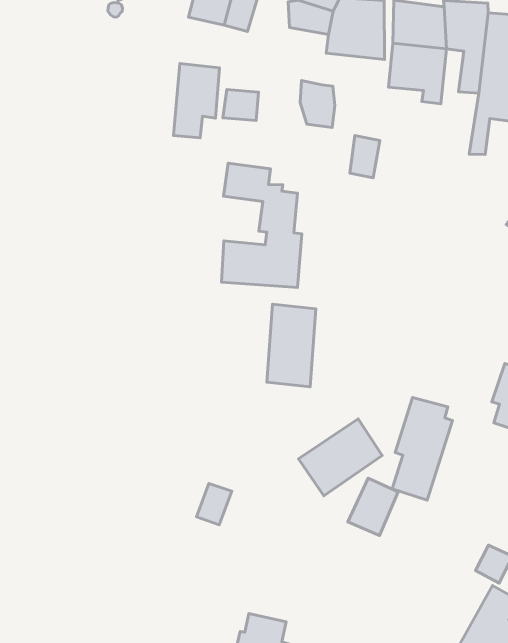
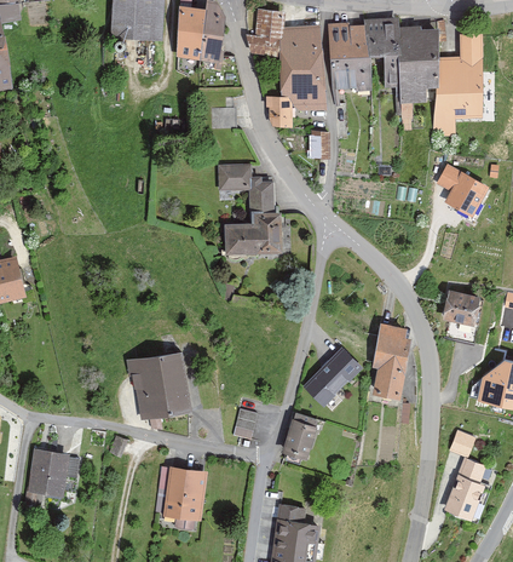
building: none -> [281,70,327,111]
building: [174,63,220,138] -> none
building: [267,304,316,387] -> none
building: none -> [125,351,191,419]
building: [348,478,398,536] -> [282,418,317,460]
building: none -> [161,465,206,522]

